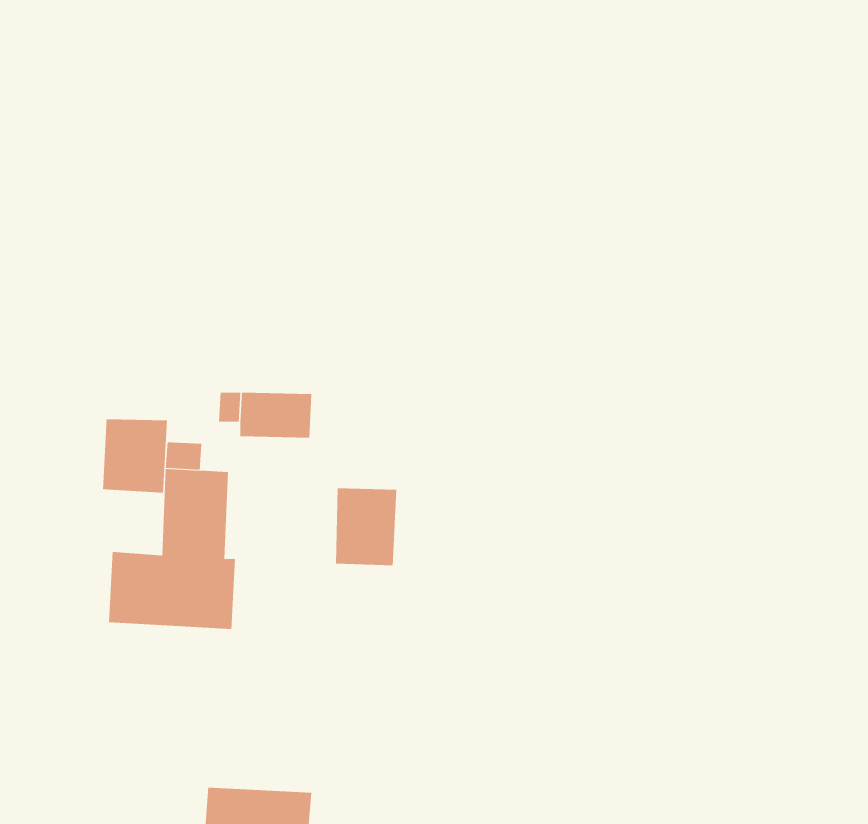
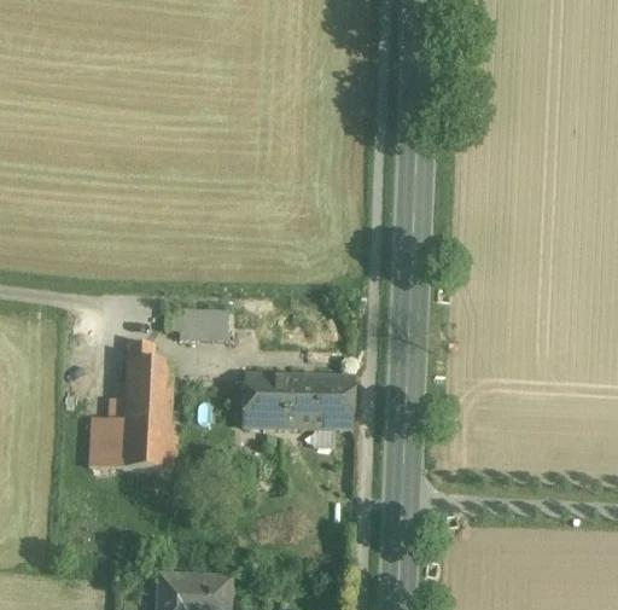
building: [103,418,167,493] -> none
building: none -> [284,373,354,428]

